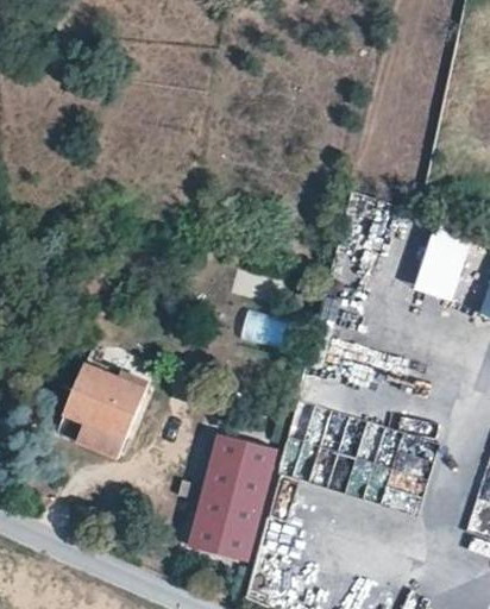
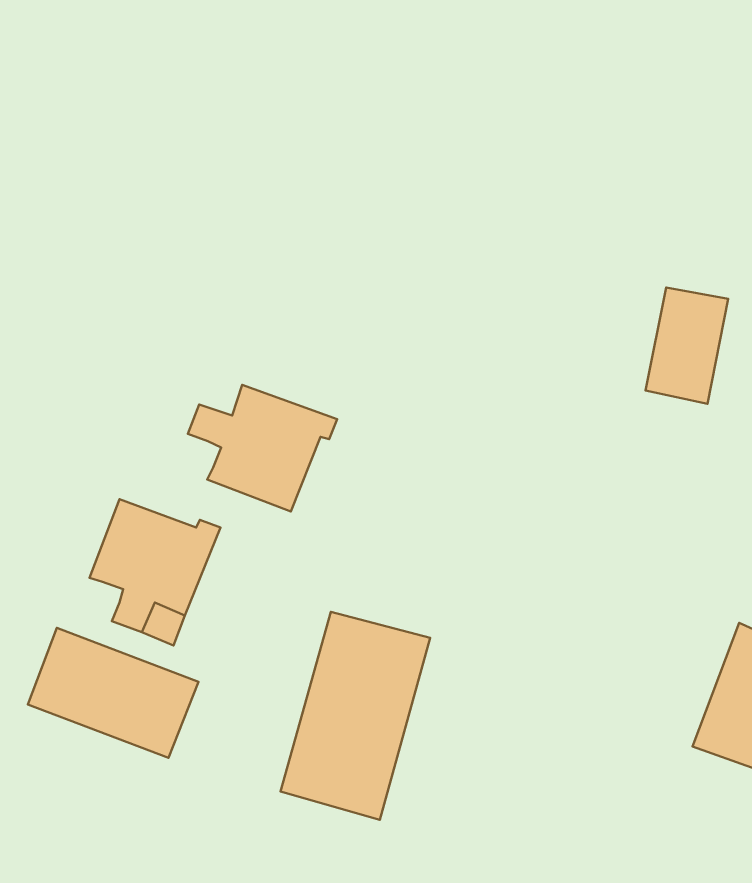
building: none -> [188,385,337,511]
building: none -> [28,628,199,758]

